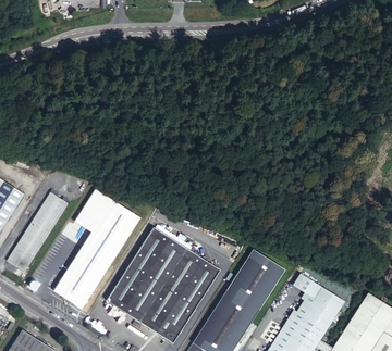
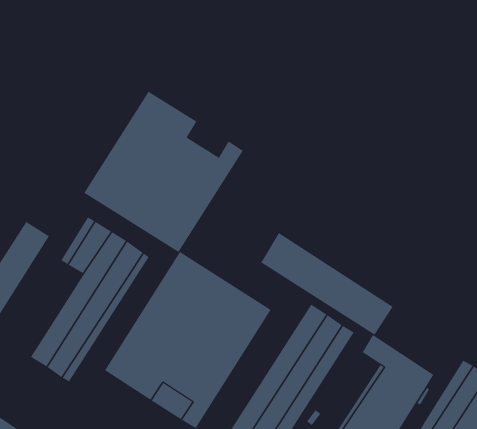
building: none -> [84,91,244,253]
building: none -> [261,232,394,335]

